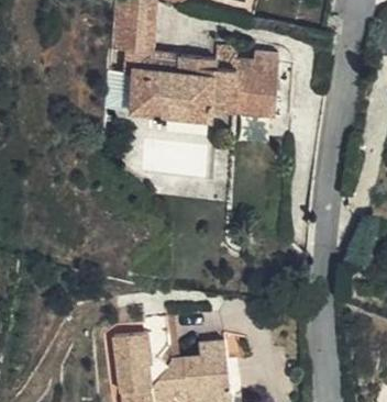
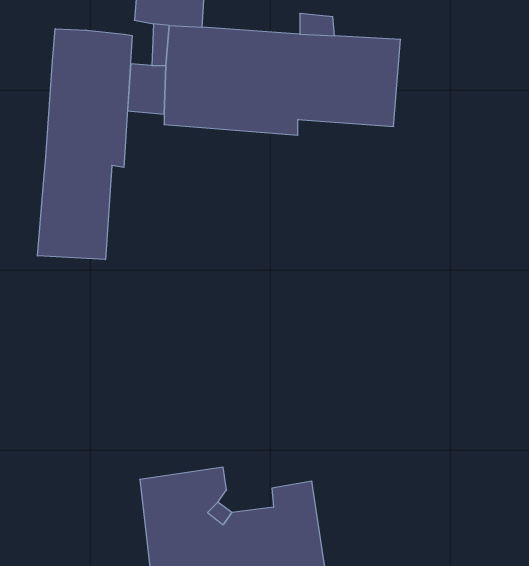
building: none -> [37,29,132,260]

